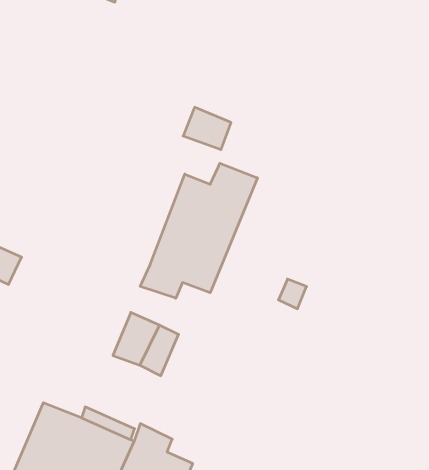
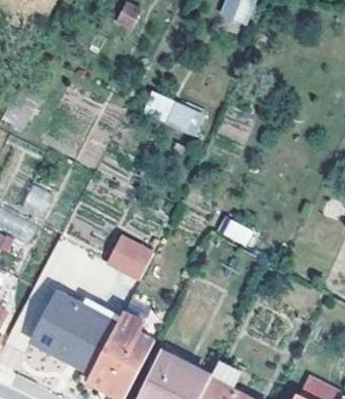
building: [140,163,257,298] -> none

